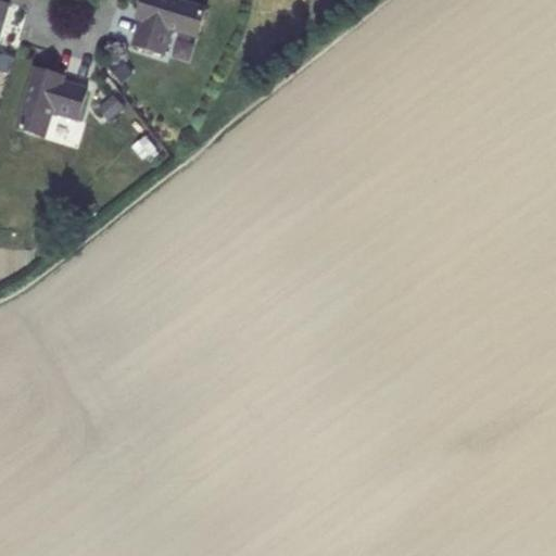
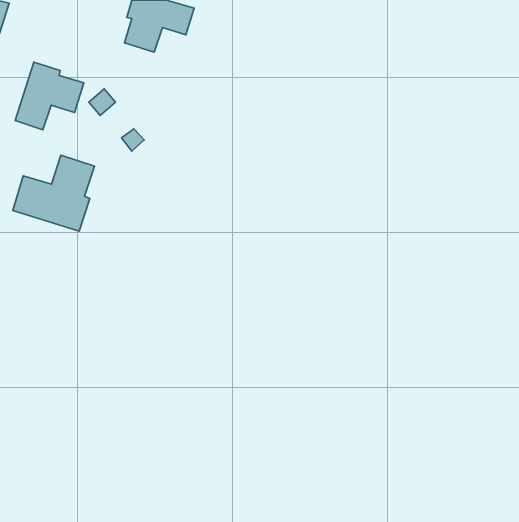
building: none -> [13,155,95,231]

